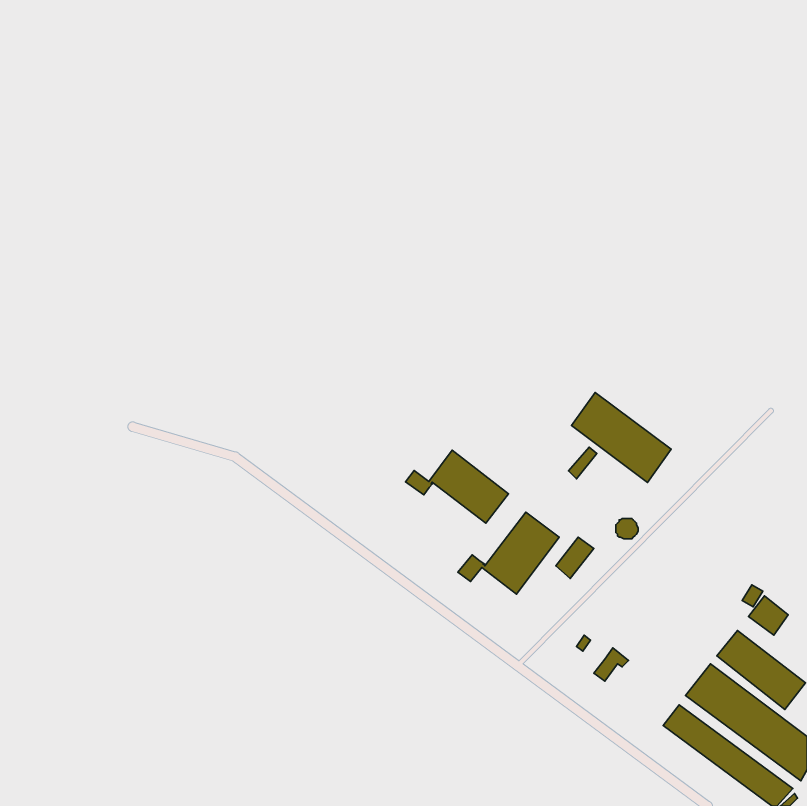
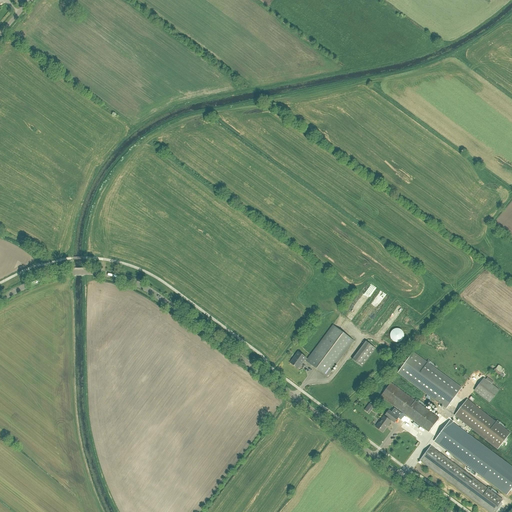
building: [572,392,671,482] -> [399,351,462,408]
building: [406,450,508,523] -> none
building: none -> [381,382,439,431]

